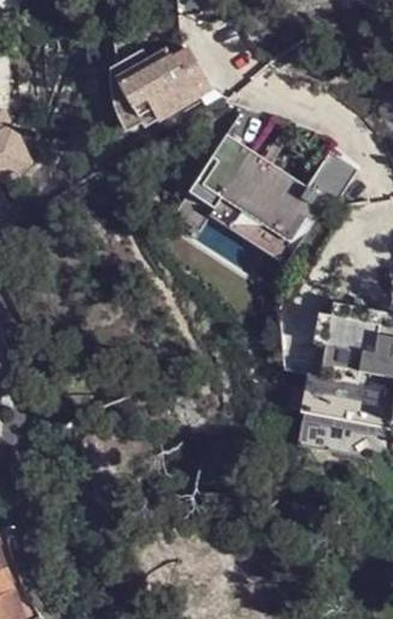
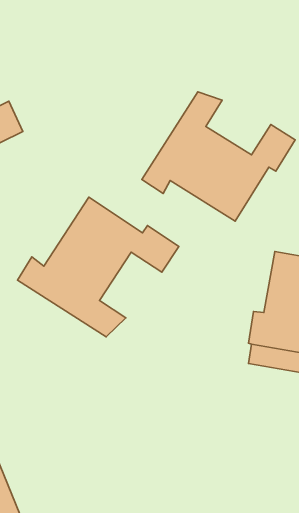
building: [109,47,201,132] -> none
building: none -> [17,197,179,337]

